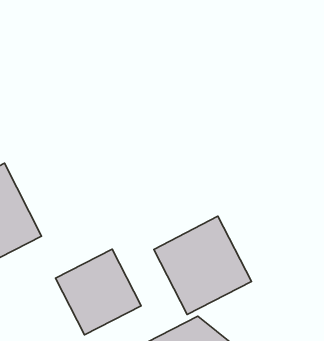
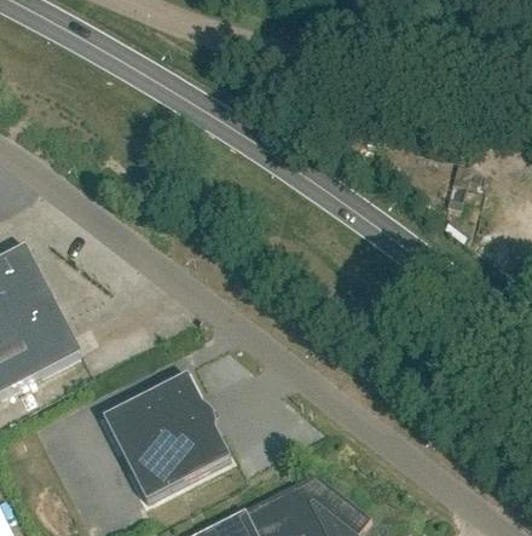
building: [154,216,251,314] -> none

